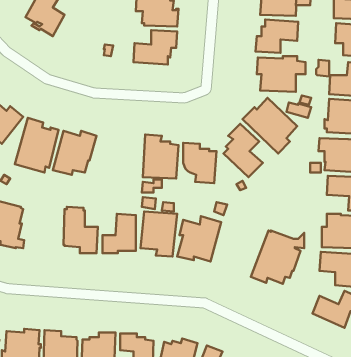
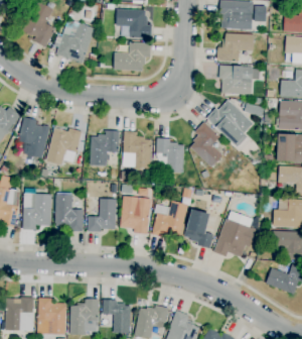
building: none -> [53,21,95,63]
building: none -> [90,130,119,165]
building: none -> [22,188,51,230]
building: none -> [184,209,213,248]

